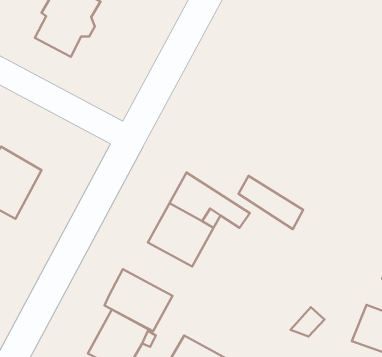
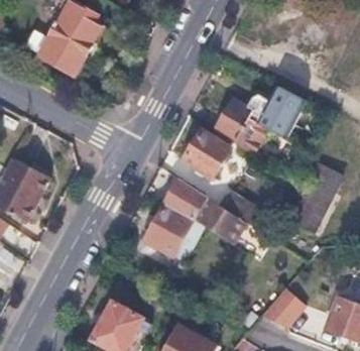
building: none -> [213,85,305,155]
building: none -> [183,132,229,178]
building: none -> [289,163,343,232]
building: [104,269,172,331] -> none

